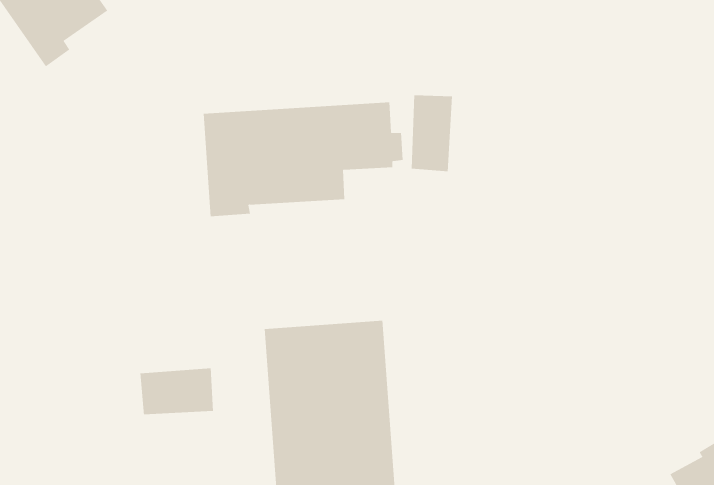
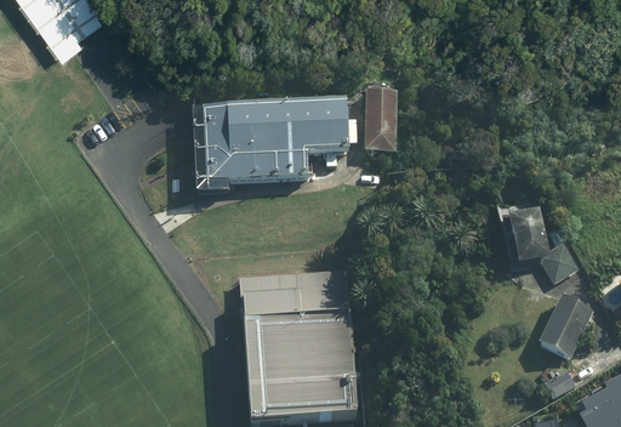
building: none -> [500,214,580,286]
building: none -> [537,298,593,361]
building: [140,368,214,415] -> none

